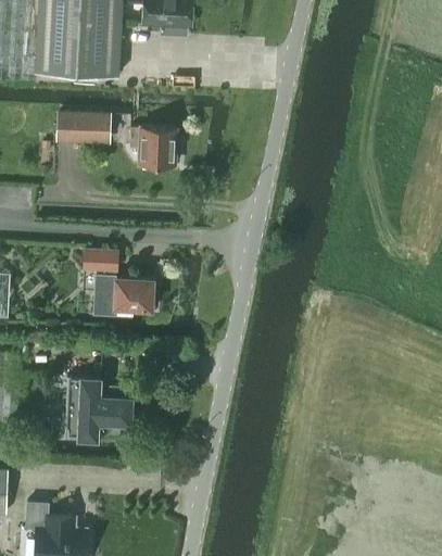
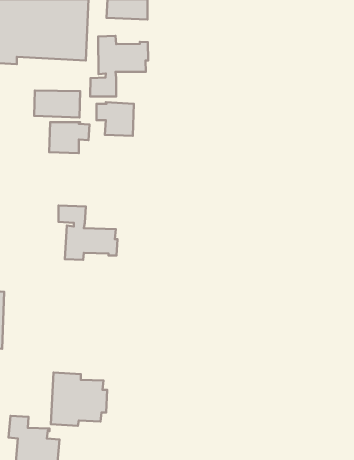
building: none -> [90,36,148,97]
building: none -> [49,122,89,153]
building: [64,376,131,440] -> [51,372,107,426]

